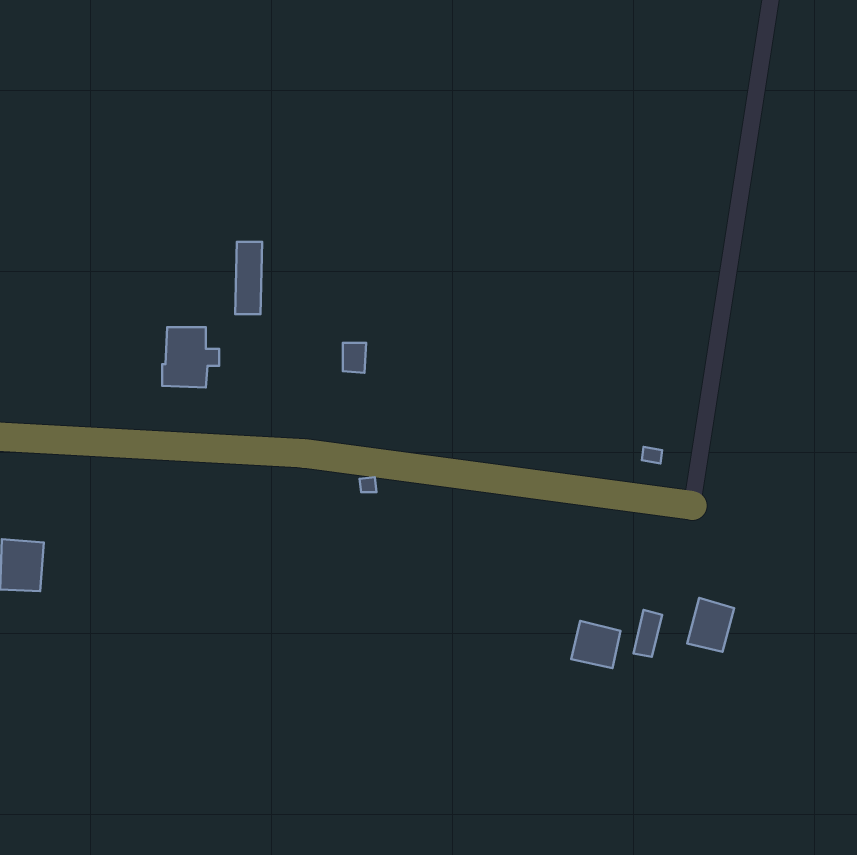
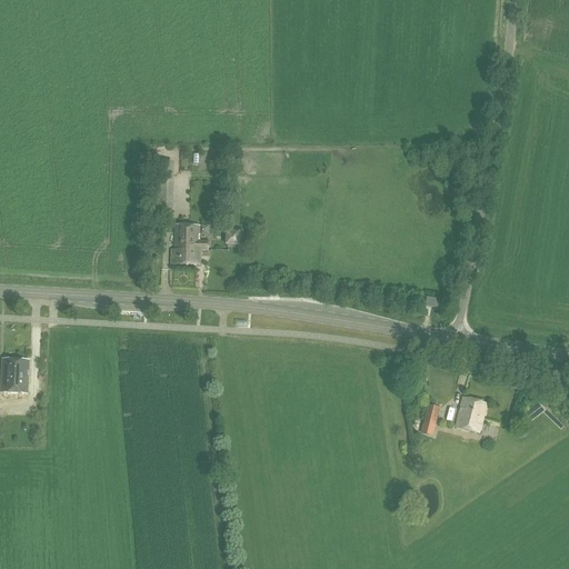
building: [162,327,219,388] -> [170,223,208,263]
building: [571,621,621,668] -> none

